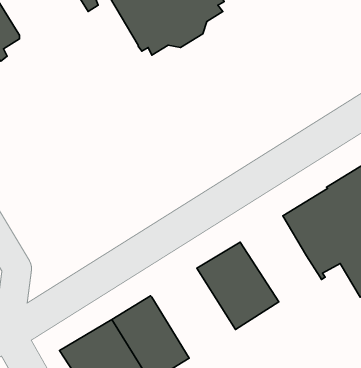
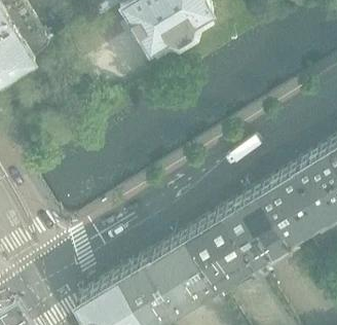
building: none -> [227,192,293,263]
building: none -> [154,236,223,310]

